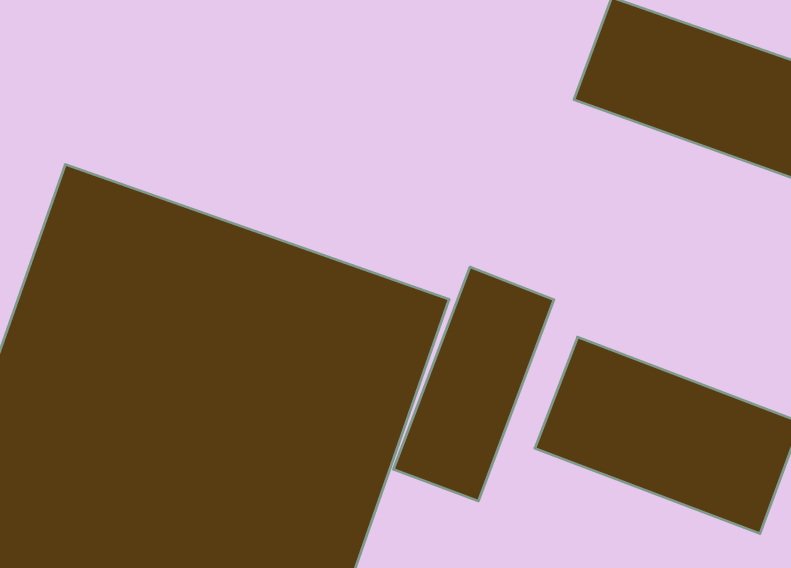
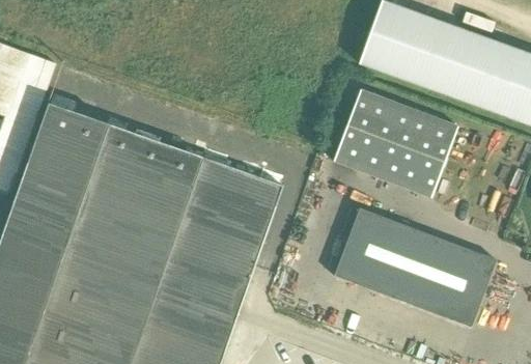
building: none -> [334,90,458,198]
building: [394,267,554,501] -> none

